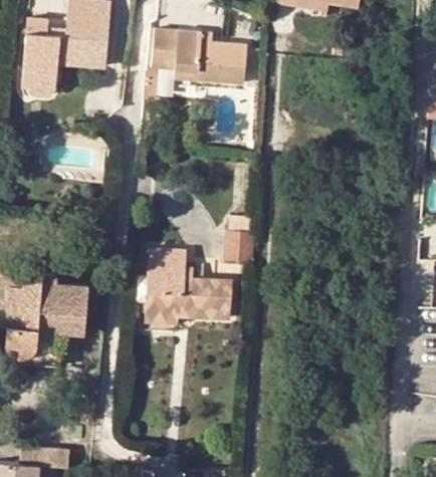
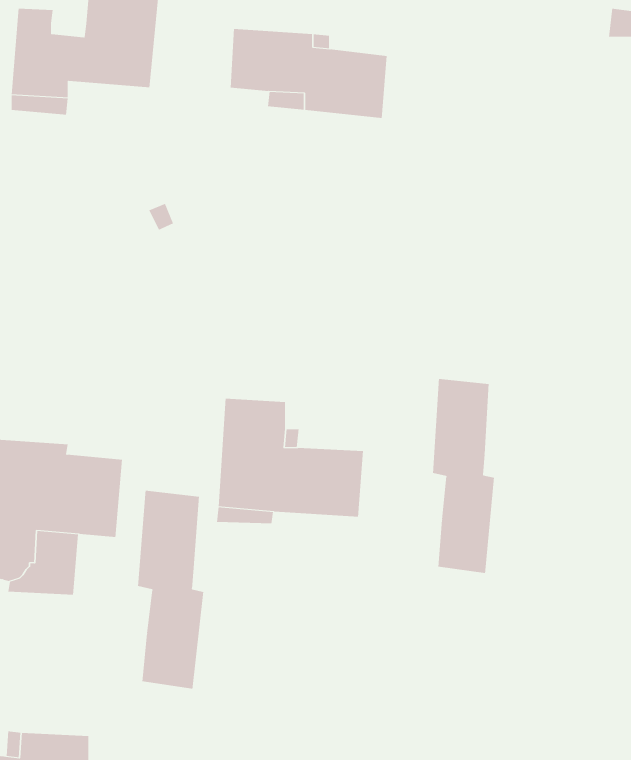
building: [224,227,254,263] -> none
building: none -> [433,378,494,574]
building: none -> [138,490,204,690]

